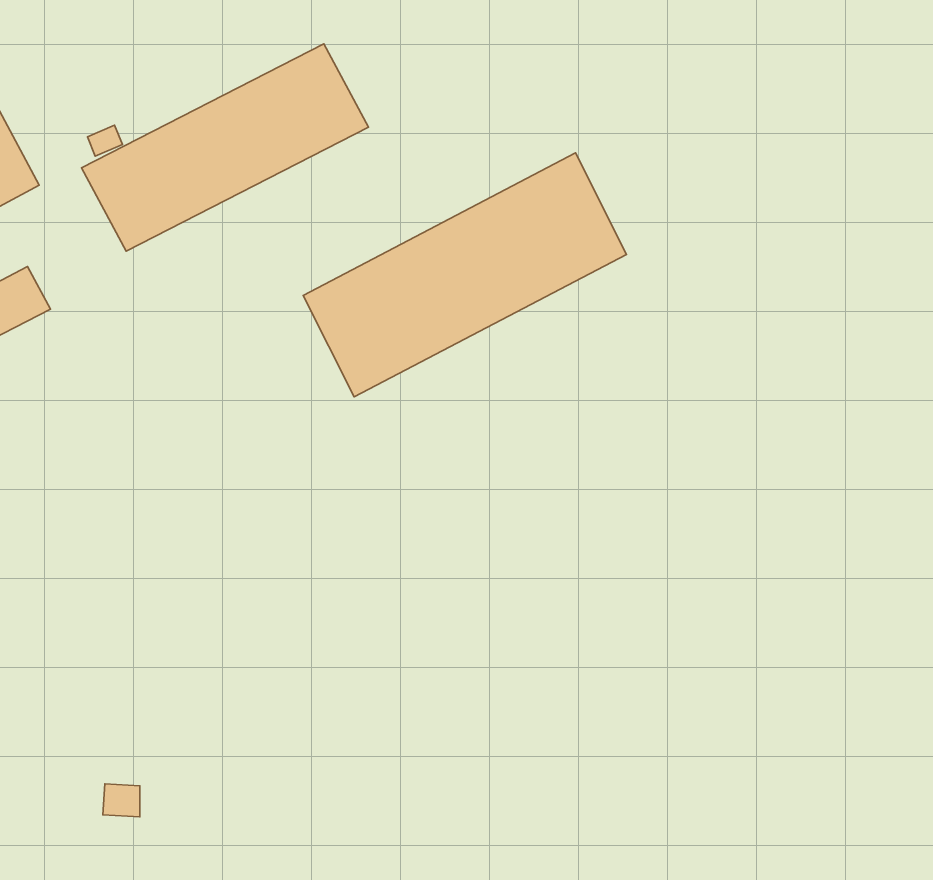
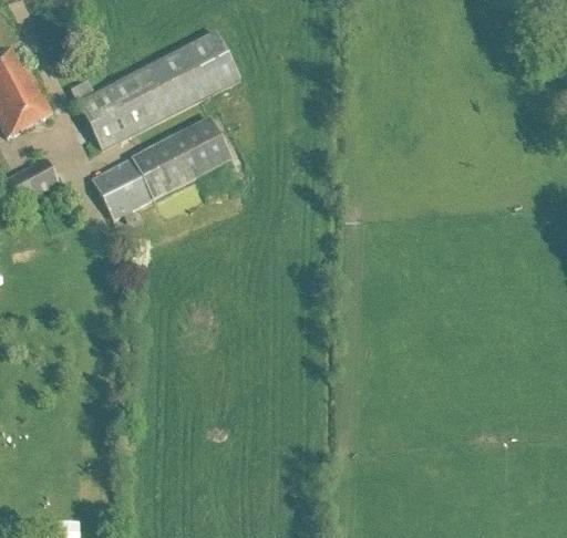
building: [303,153,626,397] -> none
building: none -> [91,117,230,218]

